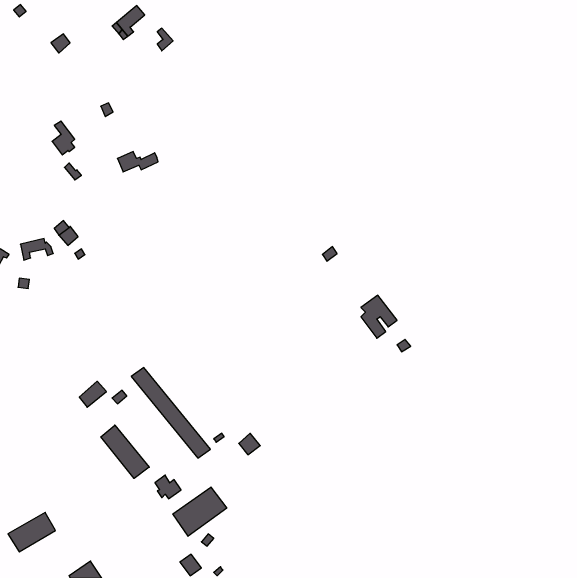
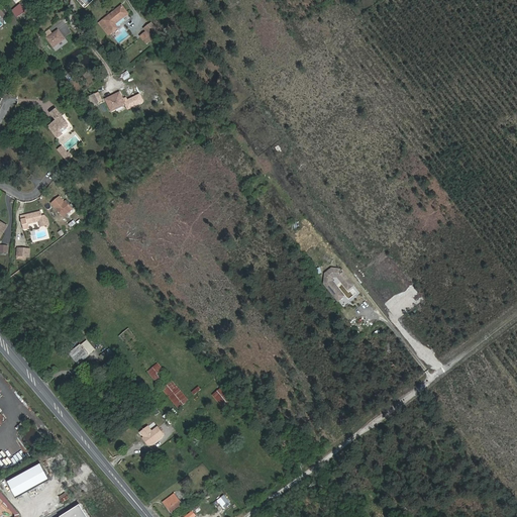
building: [117,152,158,172] -> [106,92,142,110]
building: [101,425,149,478] -> none
building: [173,487,227,536] -> none

